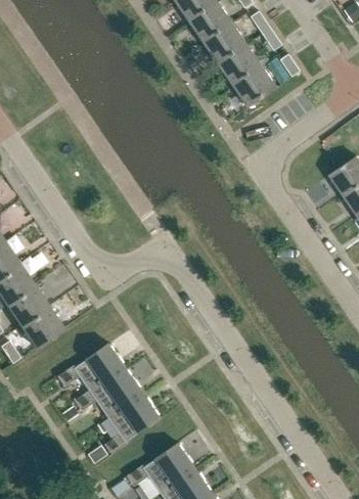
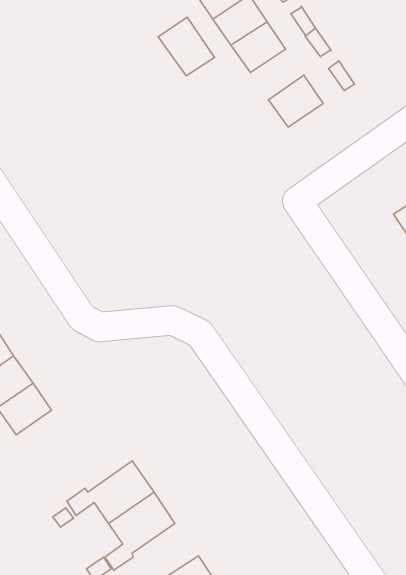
building: none -> [158,17,215,76]
building: [218,44,260,84] -> none
building: [56,344,125,393] -> none

